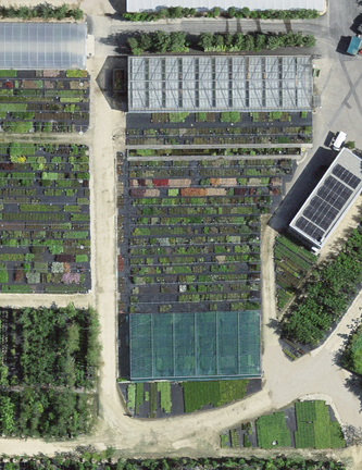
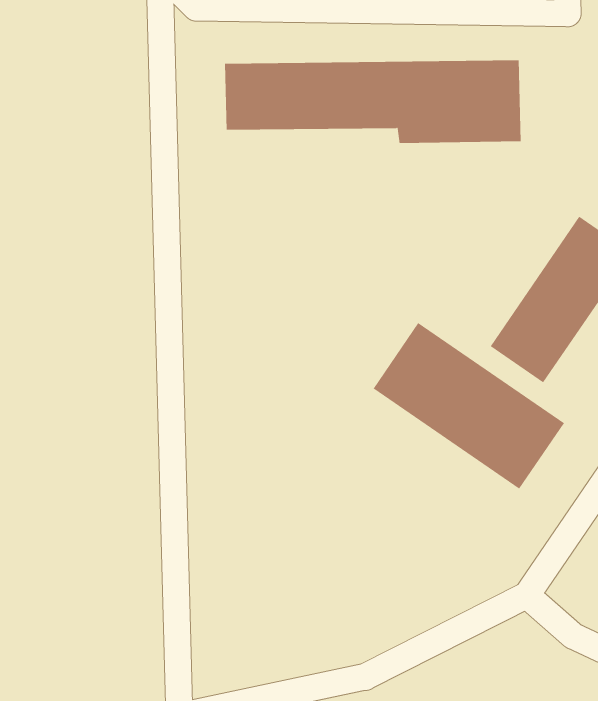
building: none -> [373,322,565,489]

